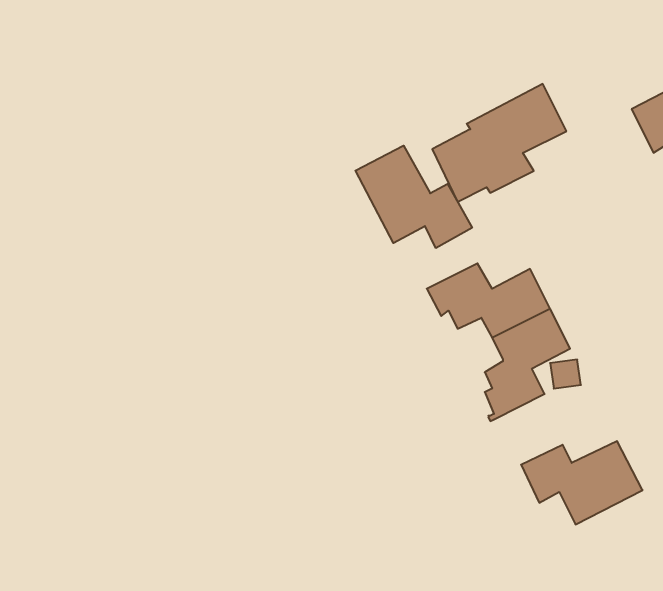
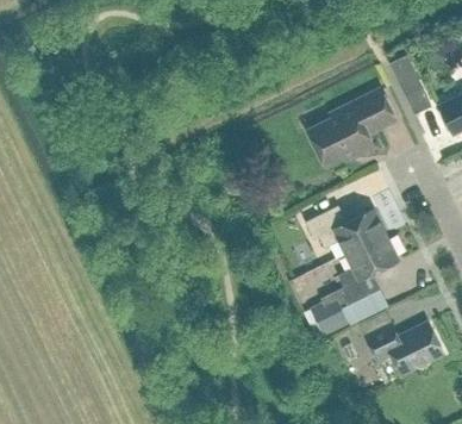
building: none -> [392,57,426,98]
building: [355,146,472,248] -> none
building: none -> [314,304,352,338]

